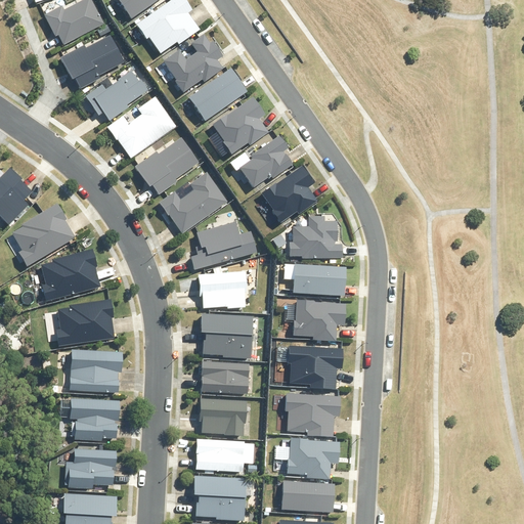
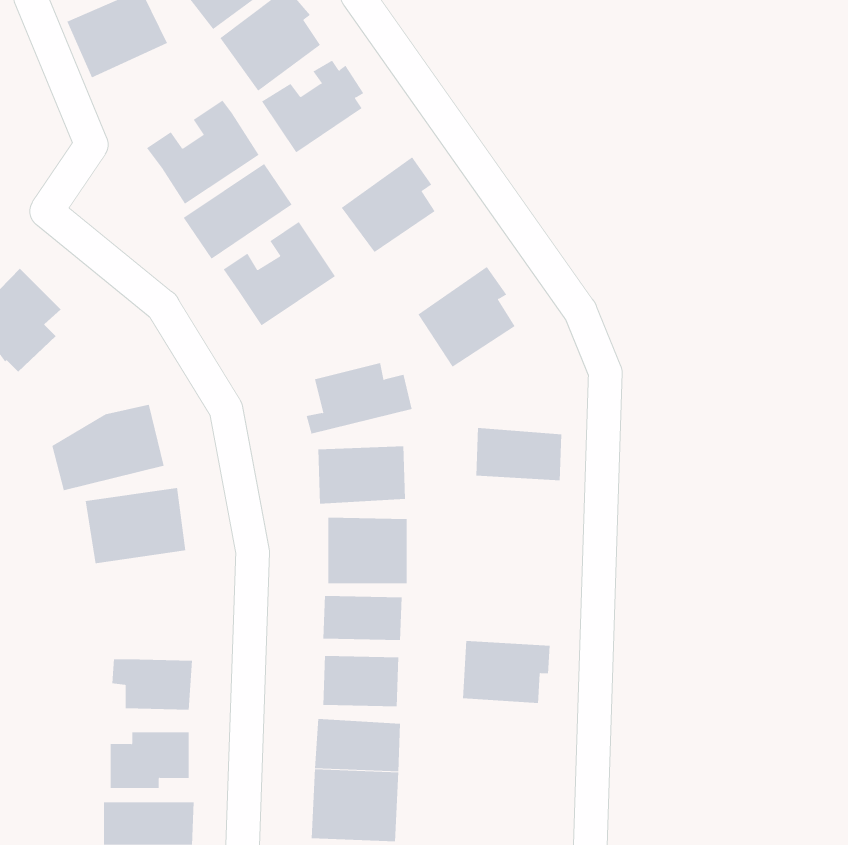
building: [59,33,124,87] -> none
building: [187,64,249,122] -> none
building: [233,132,290,189] -> none
building: [162,175,226,235] -> none
building: [8,207,82,280] -> none
building: [287,217,342,258] -> none
building: [291,300,344,338] -> none
building: [289,346,342,387] -> none
building: [71,354,119,385] -> none
building: [287,436,341,476] -> none
building: [279,481,334,512] -> none

